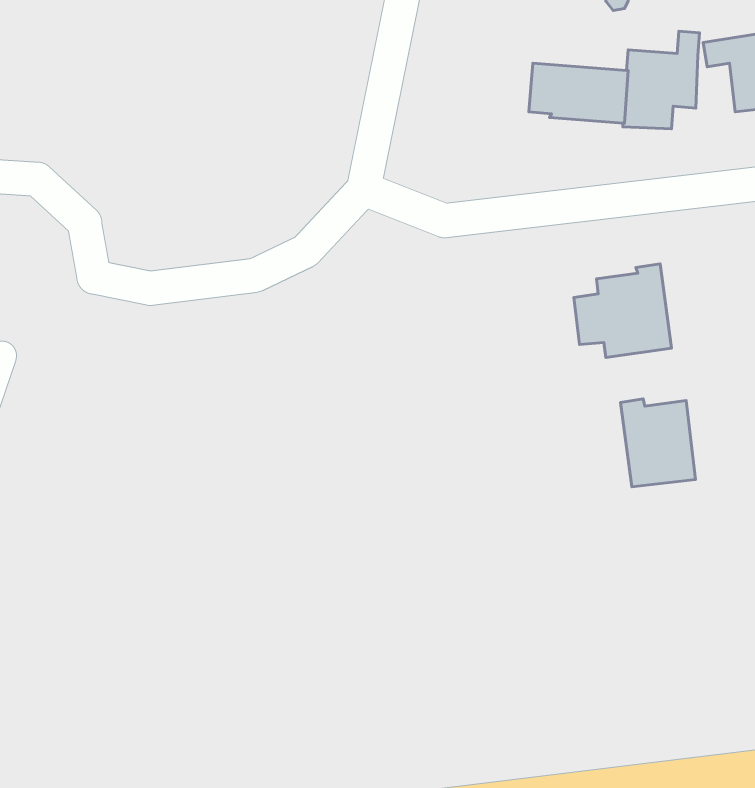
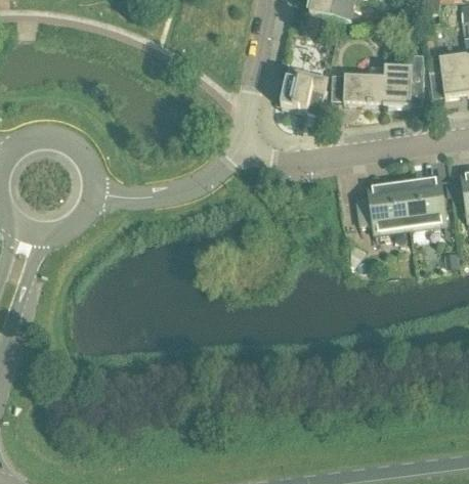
building: none -> [282,65,329,114]
building: [621,399,696,487] -> [404,177,445,225]

